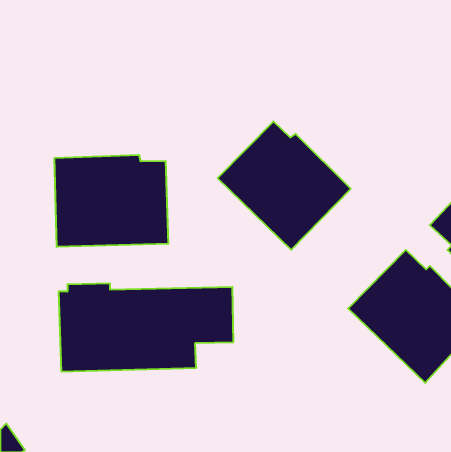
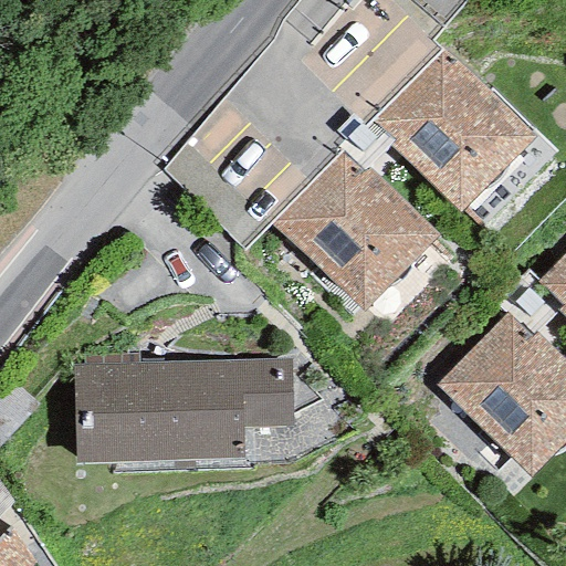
building: none -> [378,50,536,212]
building: [55,155,168,247] -> none

